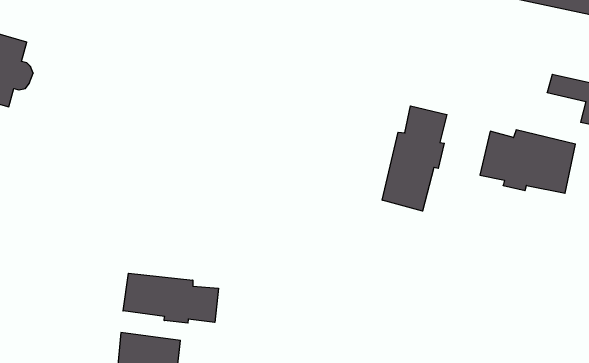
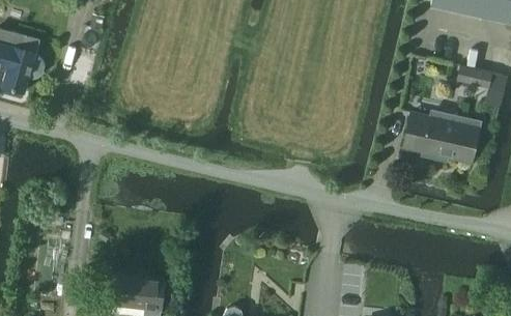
building: [382,106,447,211] -> none
building: [123,273,218,323] -> none

